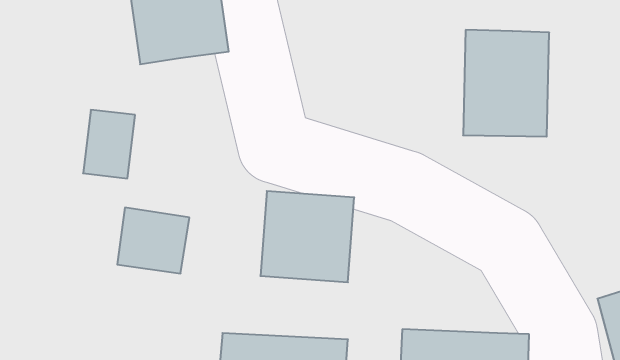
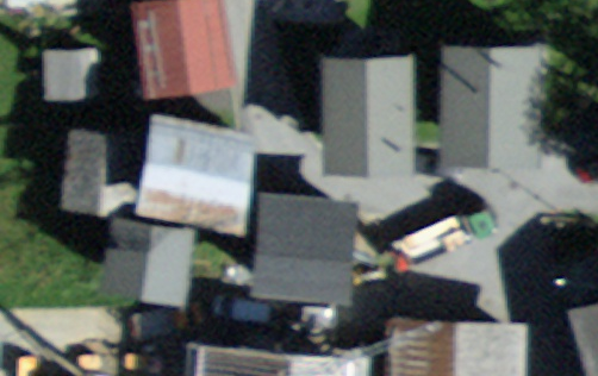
building: none -> [324,63,400,162]
building: none -> [142,127,239,220]

